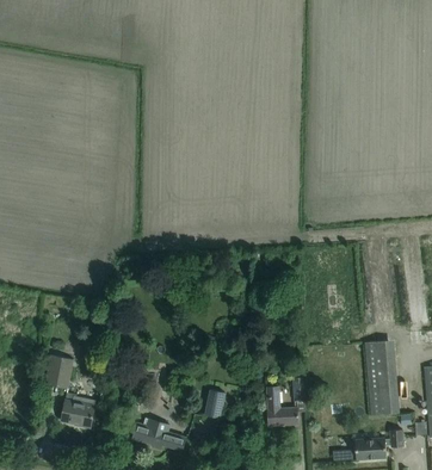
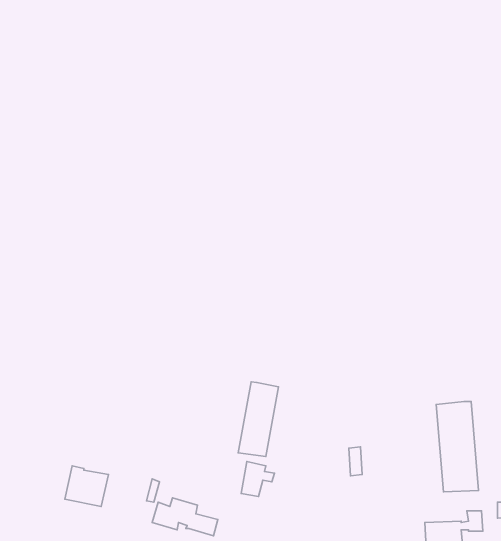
building: none -> [238,382,279,457]
building: [45,355,74,390] -> none
building: [267,388,298,427] -> none

